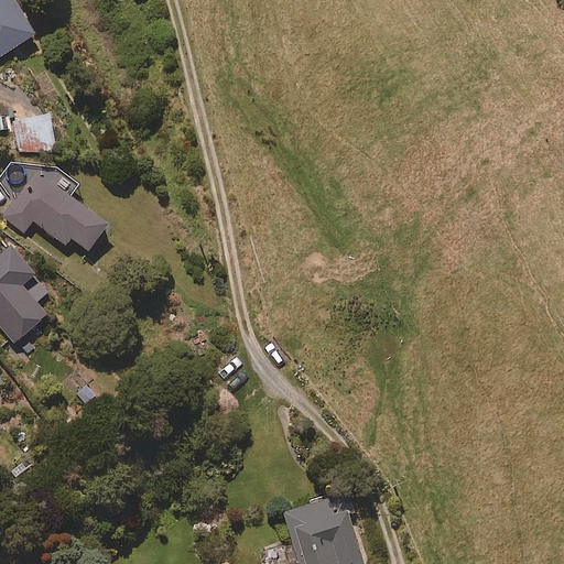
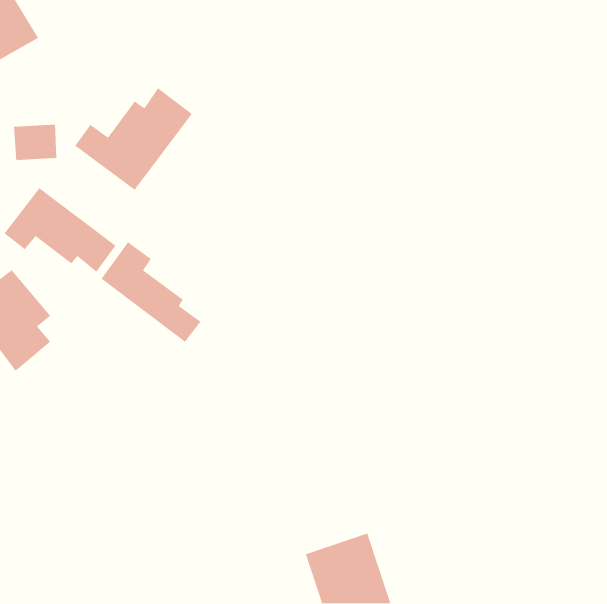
building: none -> [74,87,193,191]
building: none -> [100,241,202,343]

